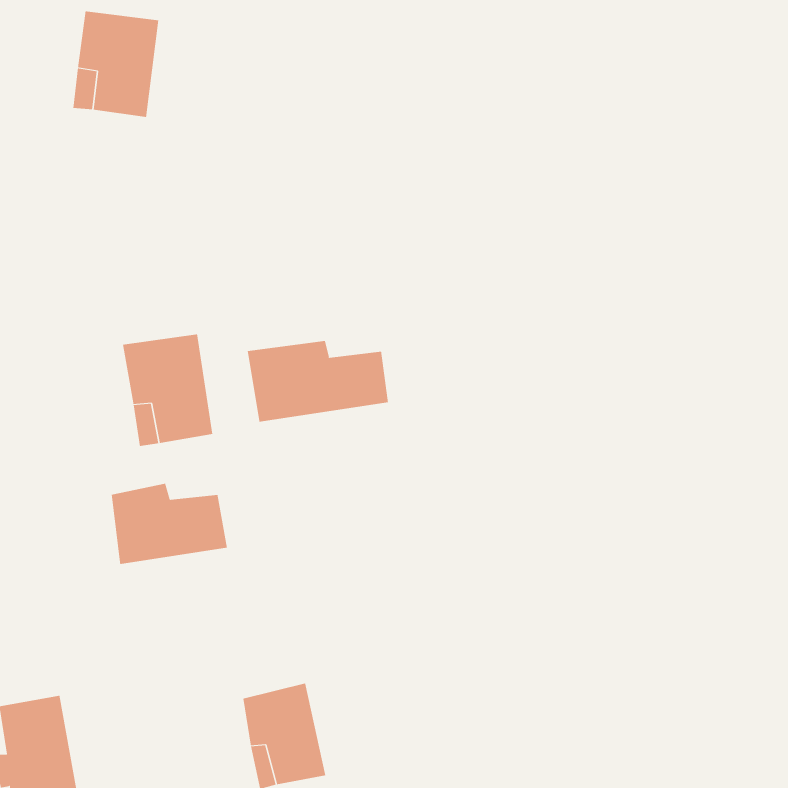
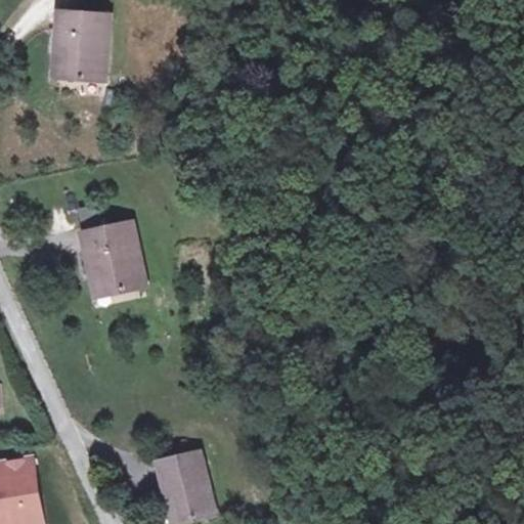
building: [247,340,388,423] -> none
building: [111,483,228,565] -> none

